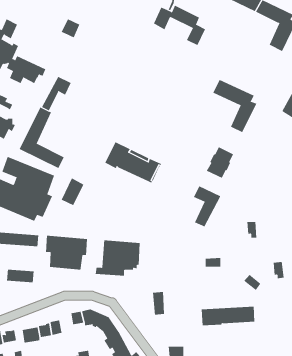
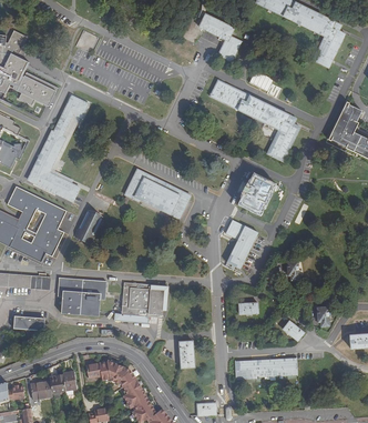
building: none -> [209,80,255,114]

